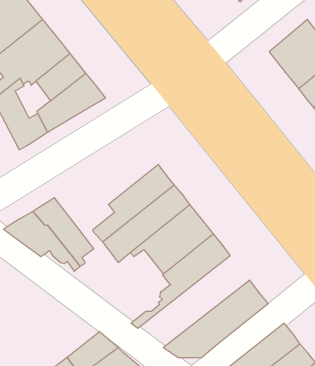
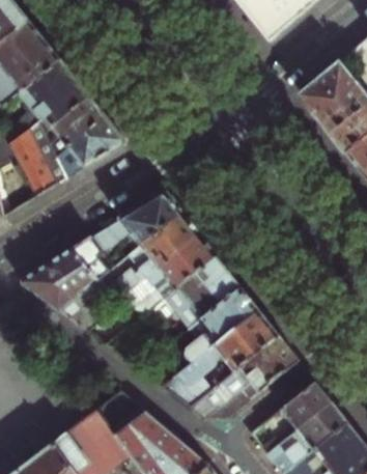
building: none -> [74,192,184,281]
building: none -> [162,310,280,408]

